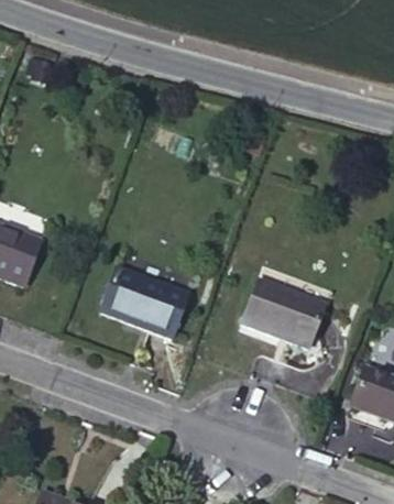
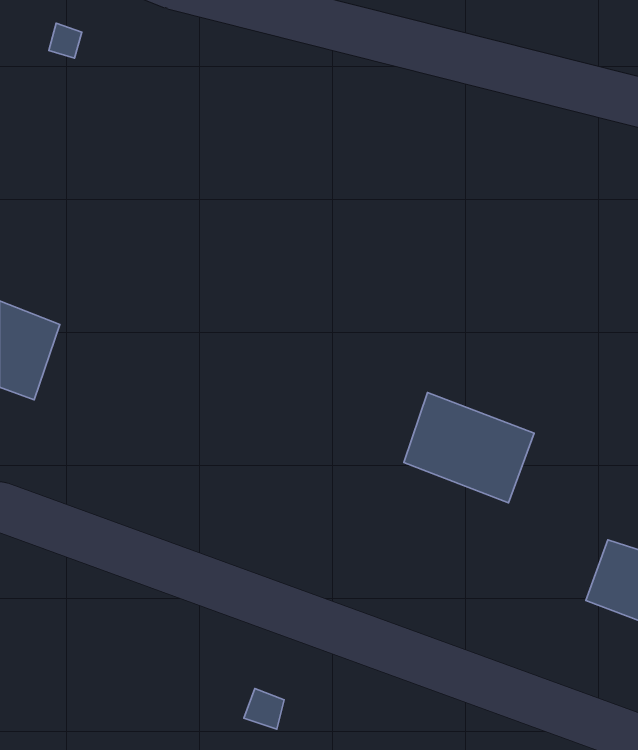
building: [102,267,188,337] -> none

